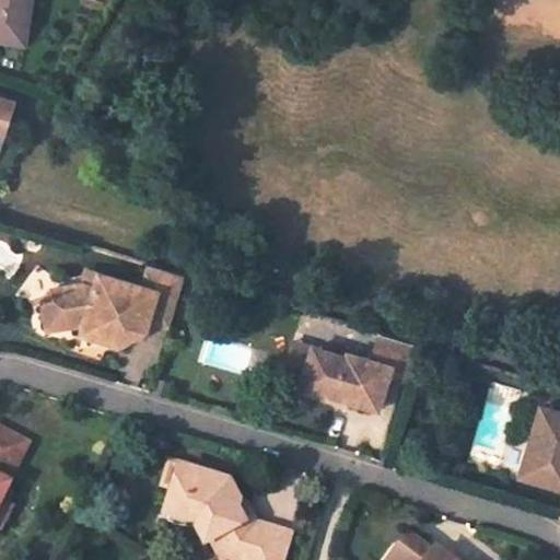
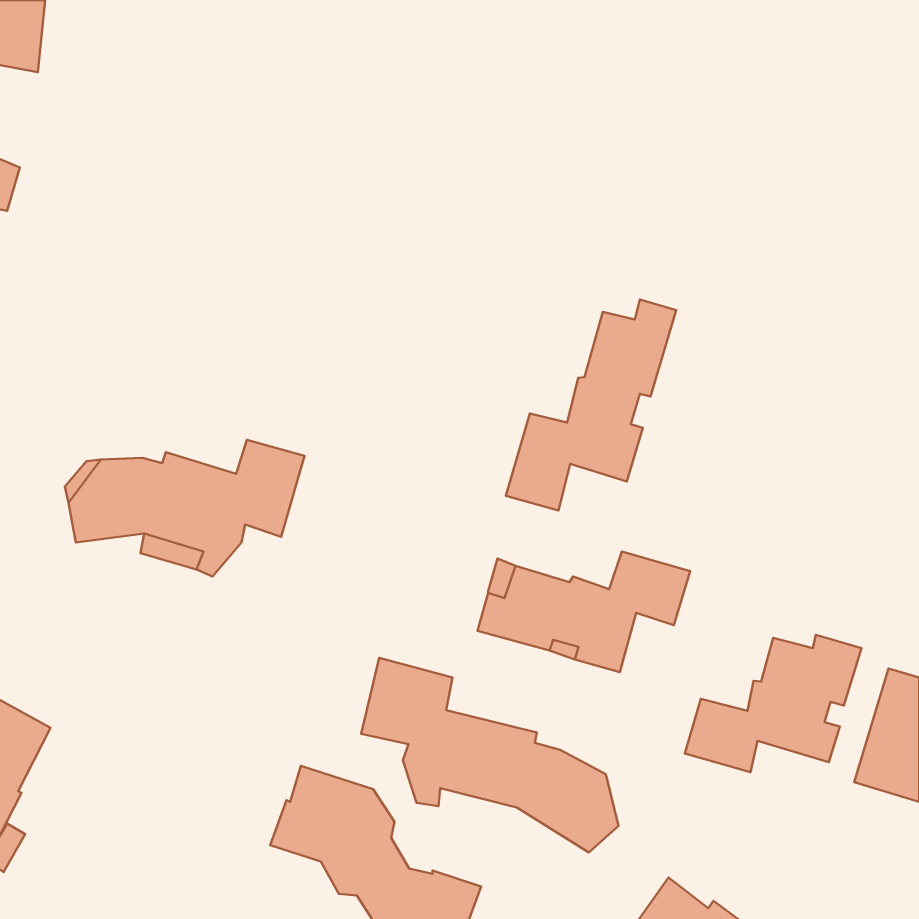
building: none -> [506,300,676,510]
building: none -> [685,635,862,772]
building: none -> [361,658,619,853]

